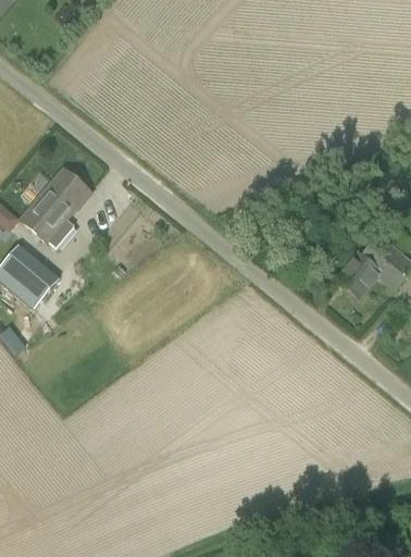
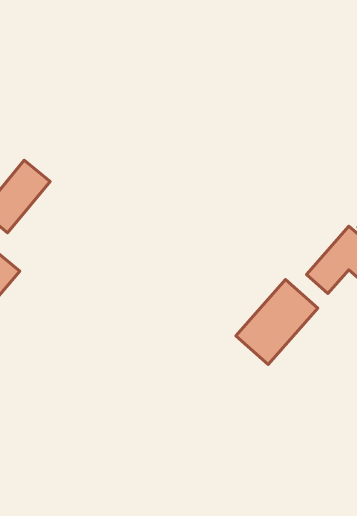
building: none -> [236,279,318,365]

